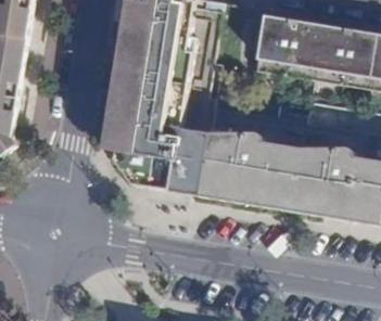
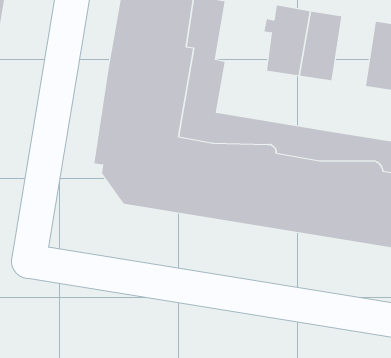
building: [309,24,346,84] -> none

